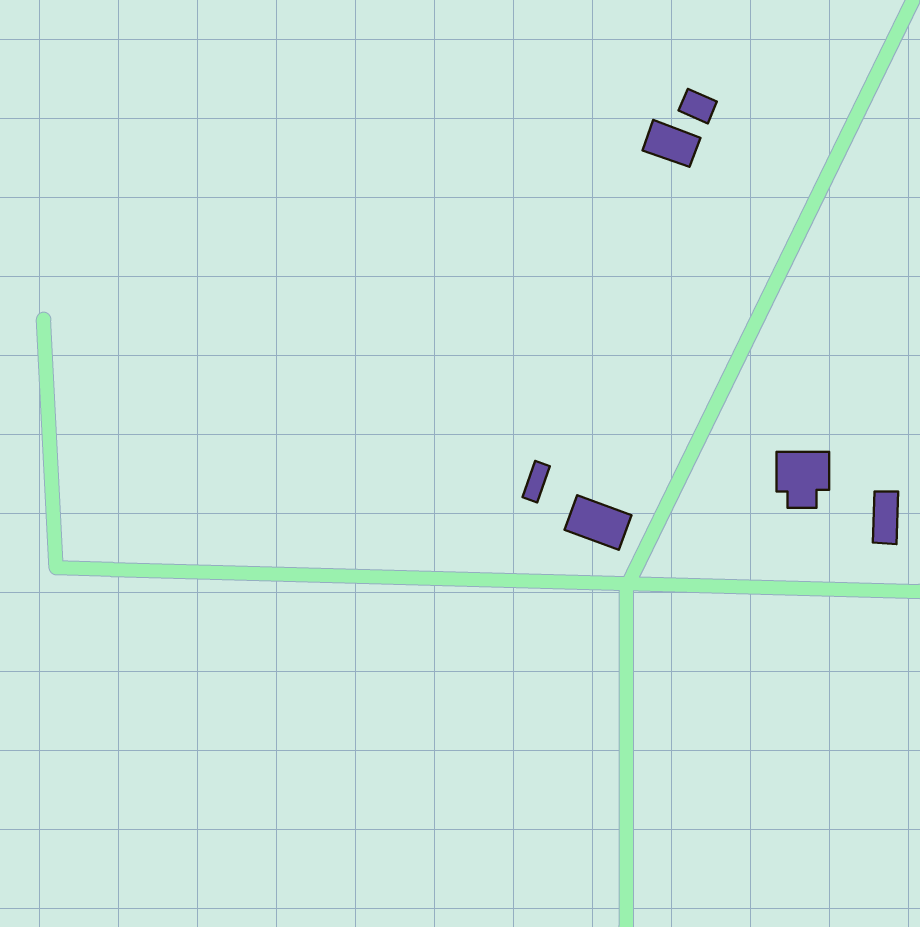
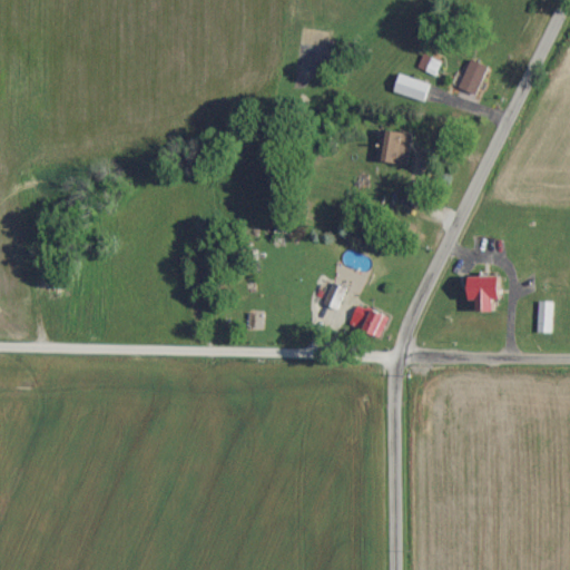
building: none -> [458,59,488,95]
building: none -> [377,129,412,165]

